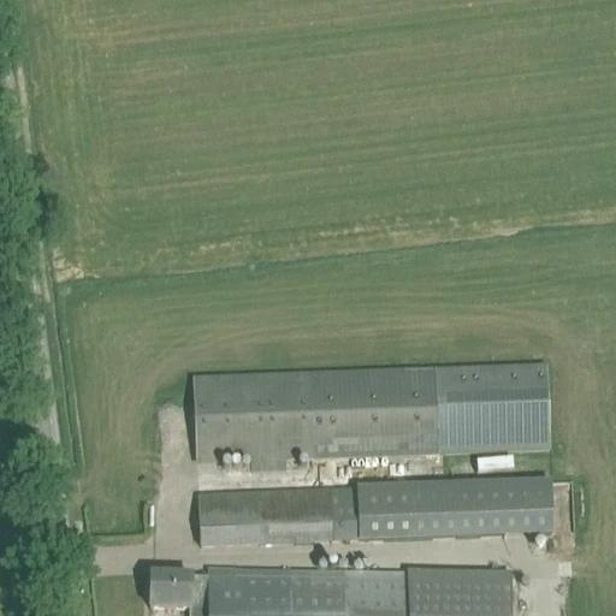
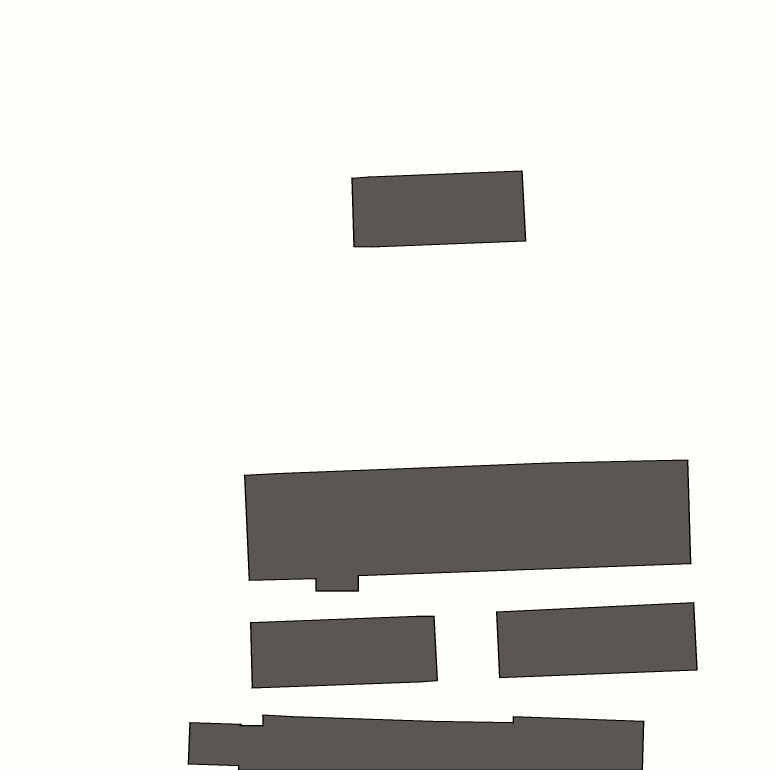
building: none -> [352,171,525,247]
building: [344,485,396,539] -> none

